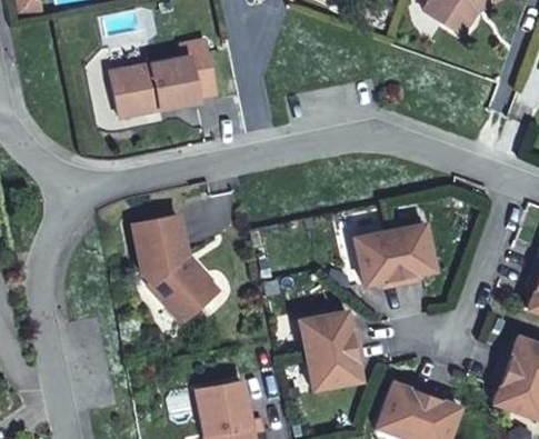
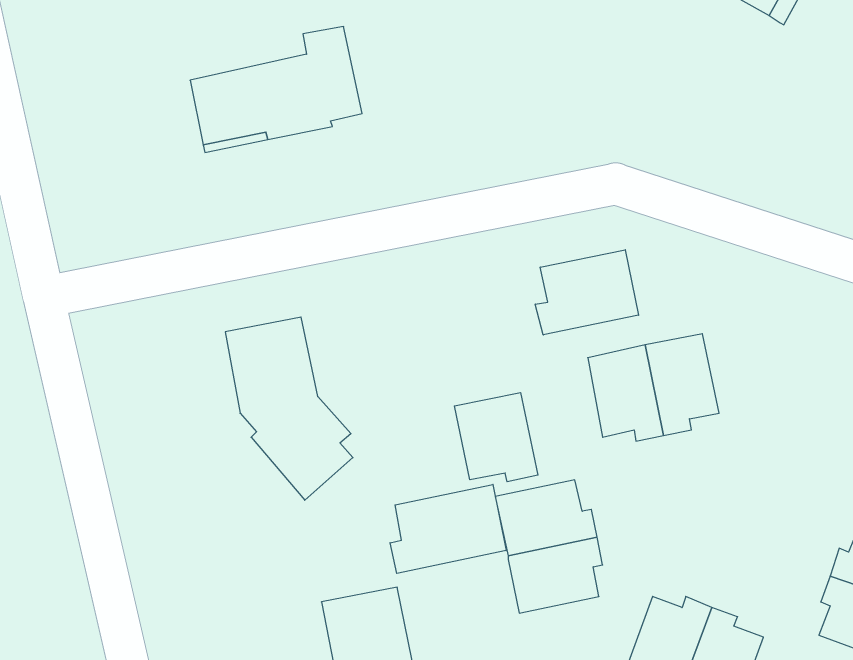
building: none -> [535,250,639,335]
building: none -> [454,393,538,482]
building: none -> [390,484,506,573]

